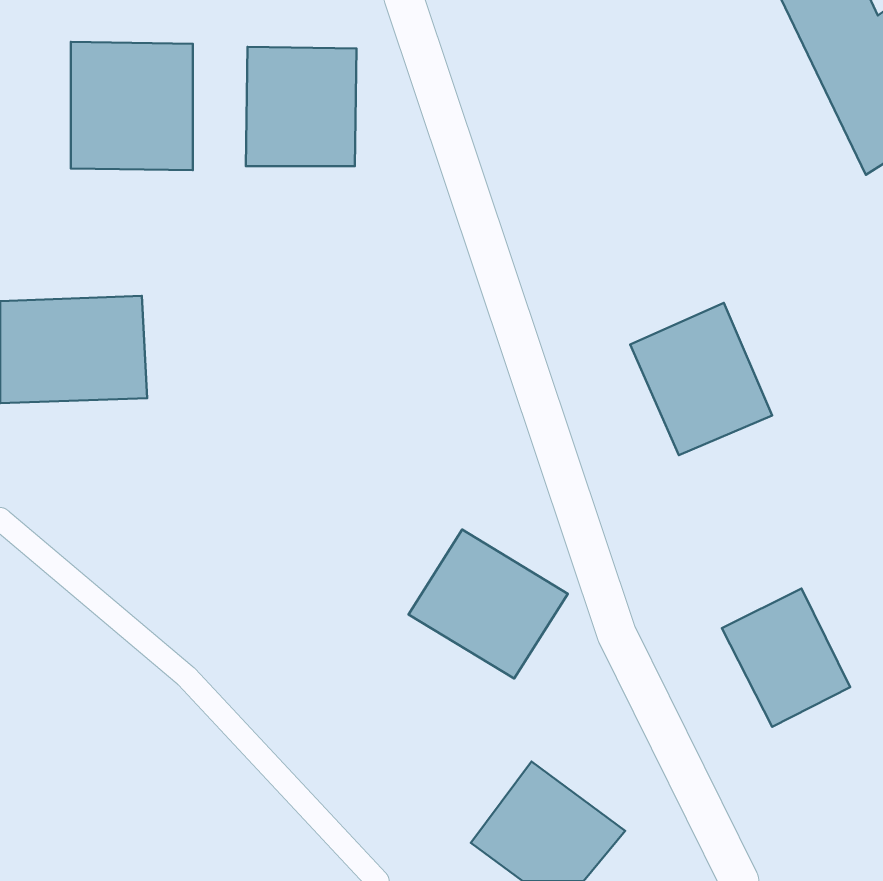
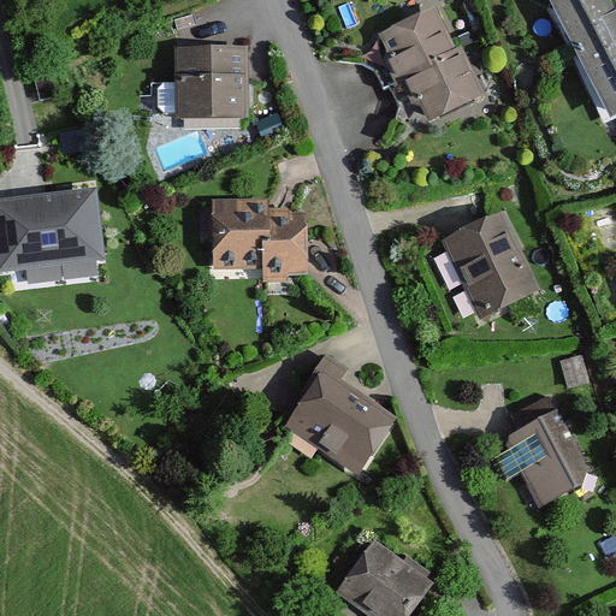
building: none -> [372,7,487,123]
building: [71,42,193,170] -> none
building: none -> [208,202,307,278]

